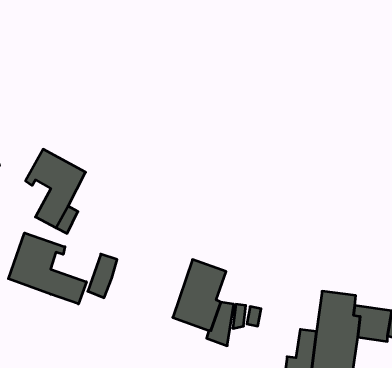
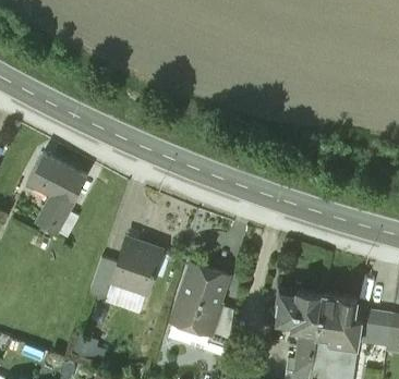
building: [8,233,86,304] -> none
building: none -> [112,242,160,293]
building: none -> [275,291,323,335]

